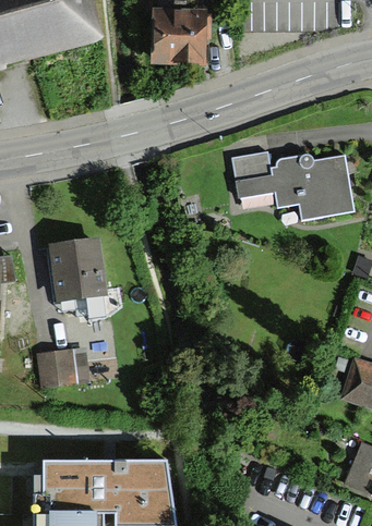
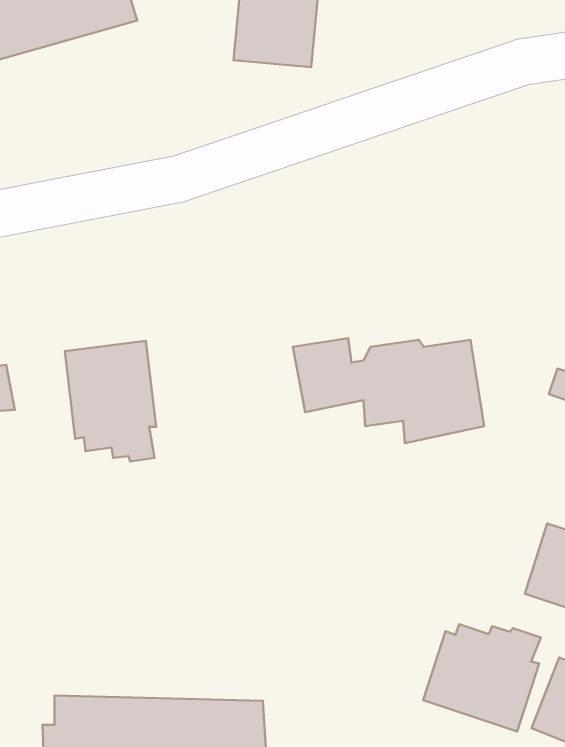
building: [230,157,351,223] -> [293,338,484,443]
building: [37,350,89,390] -> none
building: none -> [423,624,541,731]

